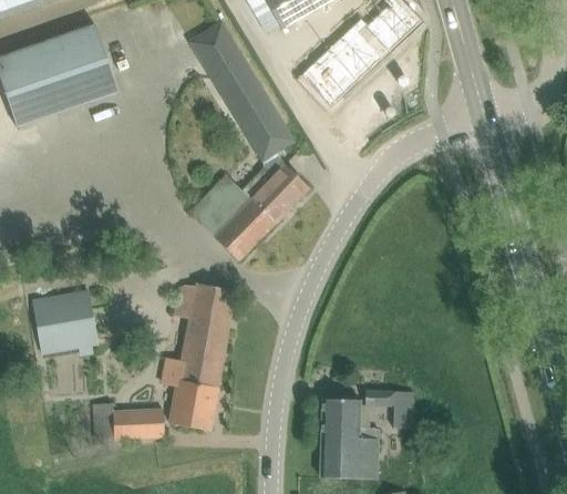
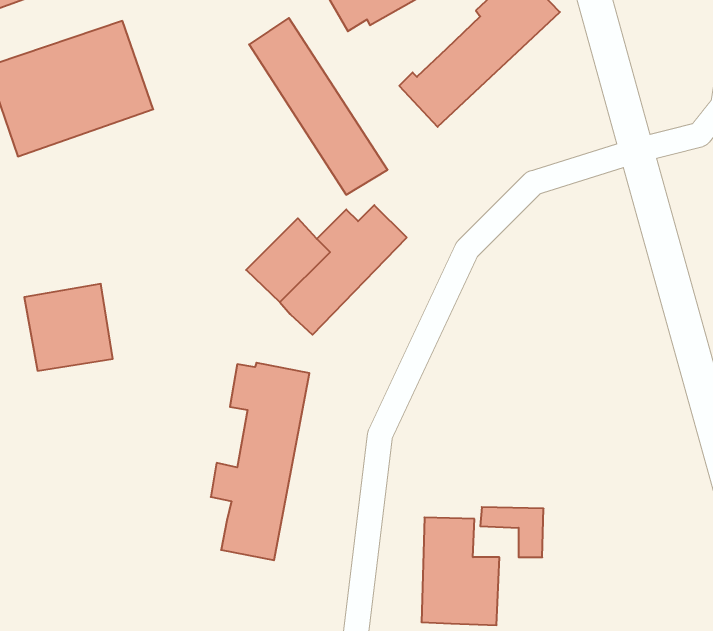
building: [31,288,97,353] -> [24,284,113,371]
building: [94,403,164,441] -> none

